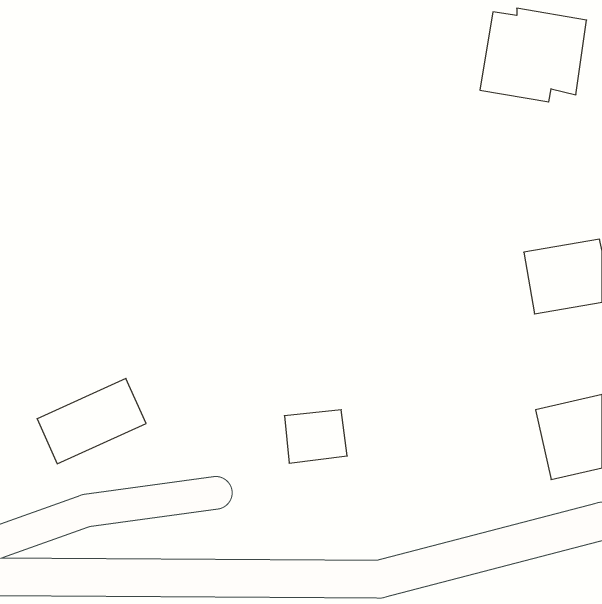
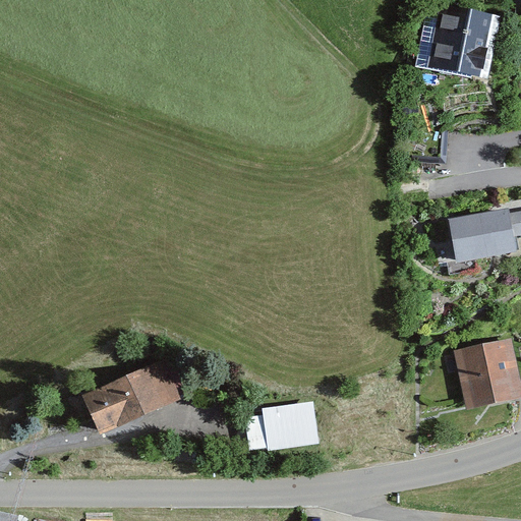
building: [37,378,146,464] -> [81,360,175,433]
building: [284,410,347,463] -> [260,401,314,447]

